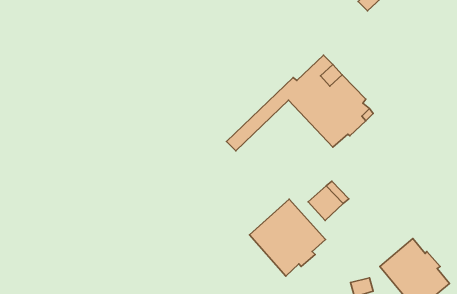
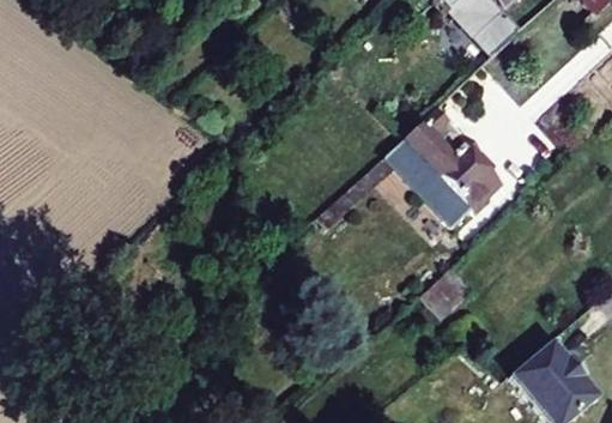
building: [250,199,325,276] -> none

